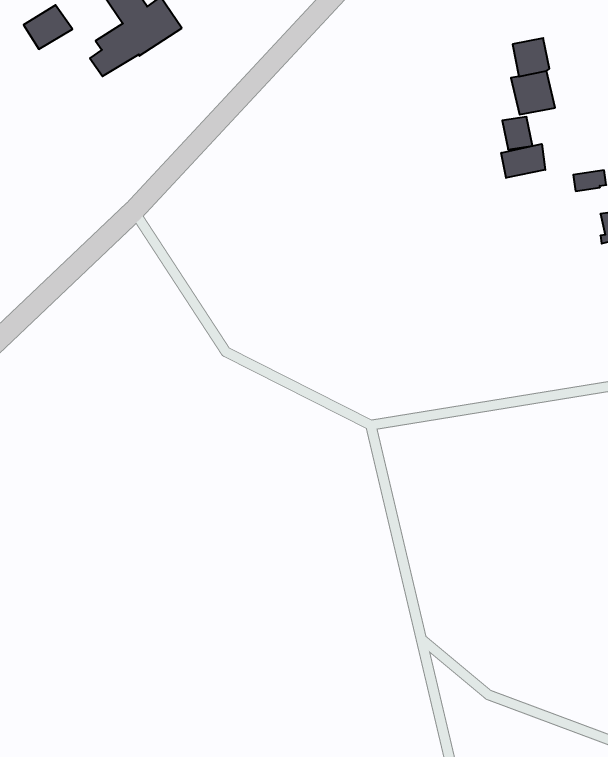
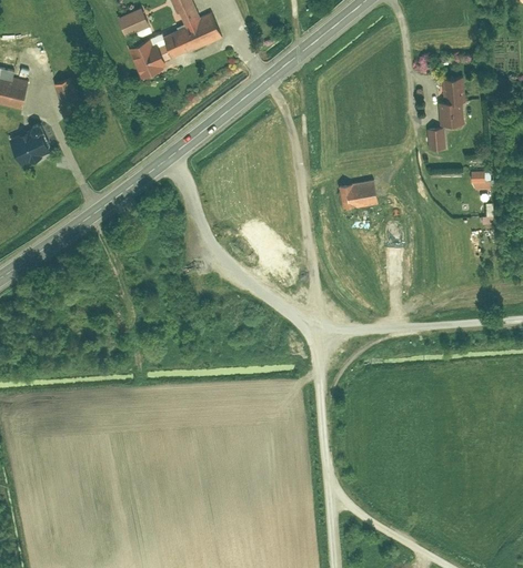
building: none -> [127,40,167,82]
building: [501,144,545,178] -> none
building: none -> [339,182,379,211]

